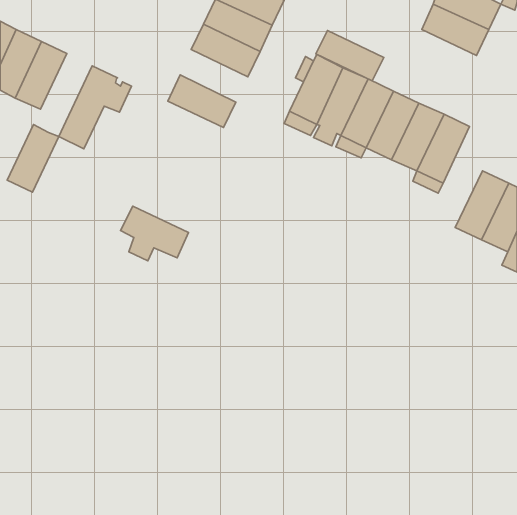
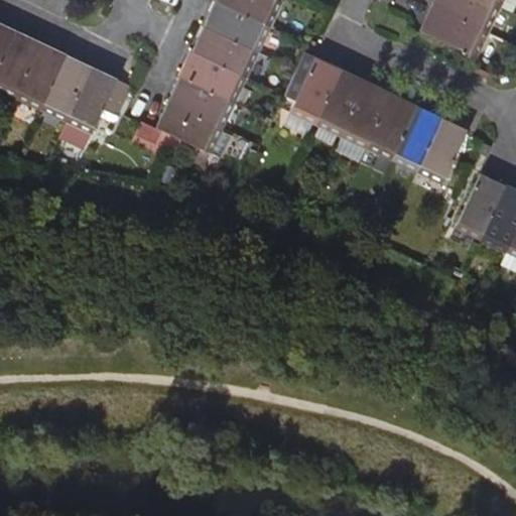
building: [316,30,384,81] -> none
building: none -> [179,49,247,102]
building: [7,124,59,192] -> [40,53,92,121]
building: [121,206,188,261] -> [155,101,223,155]

